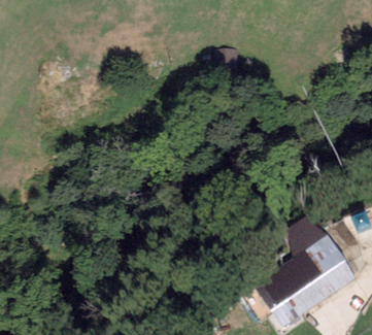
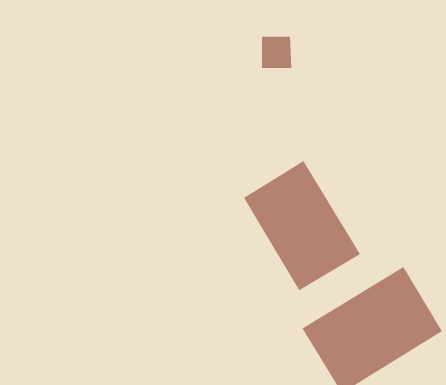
building: none -> [243,160,361,291]

